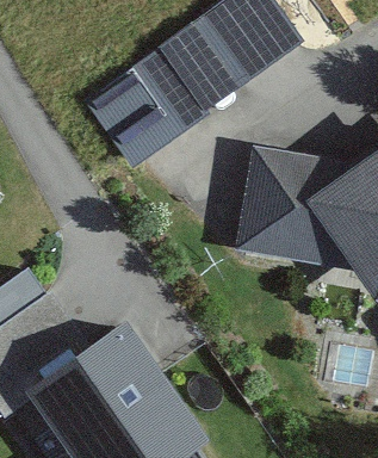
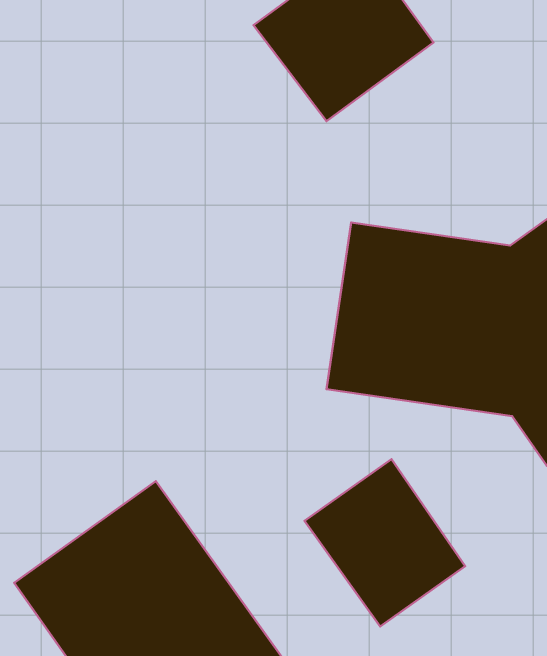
building: [87,51,203,167] -> none
building: none -> [304,459,465,627]

